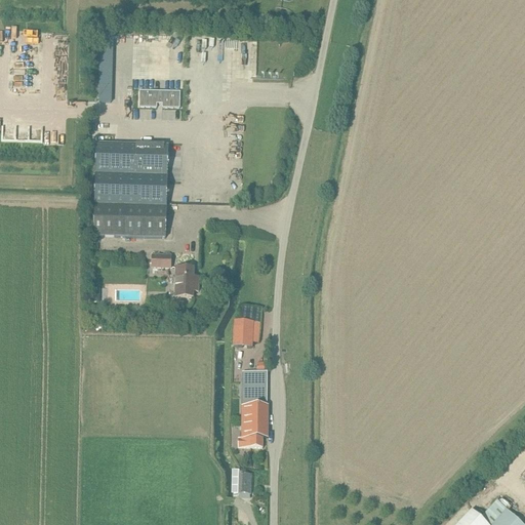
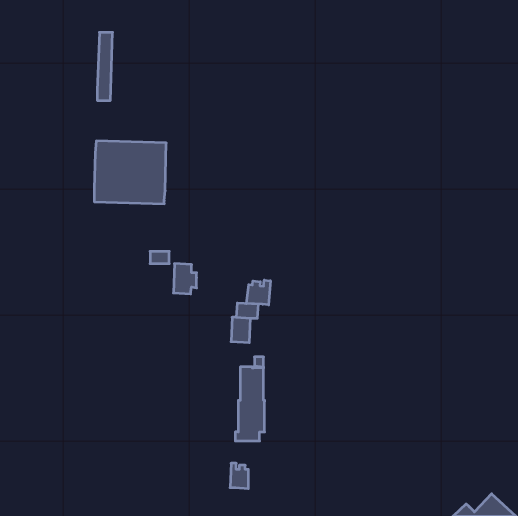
building: [139,90,179,108] -> none
building: [94,204,166,237] -> none
building: none -> [246,280,270,305]

